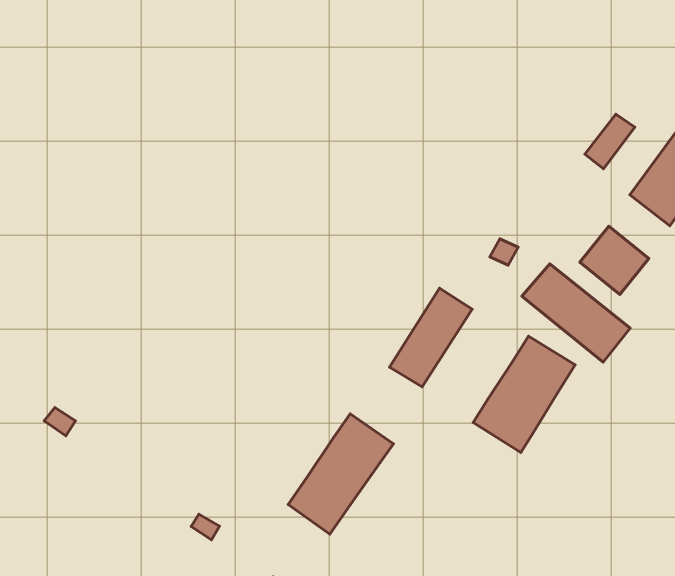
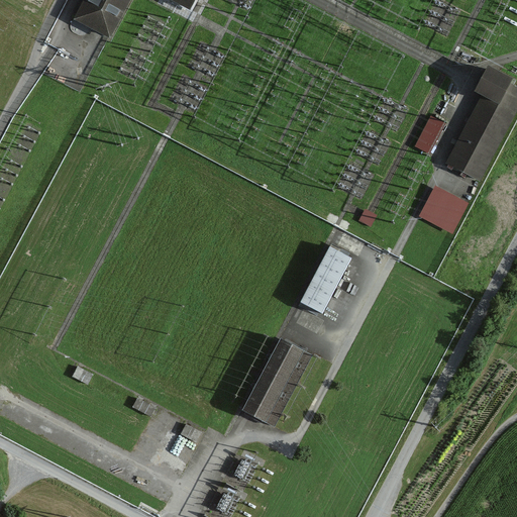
building: [522,264,630,362] -> none
building: [473,336,575,452] -> none

